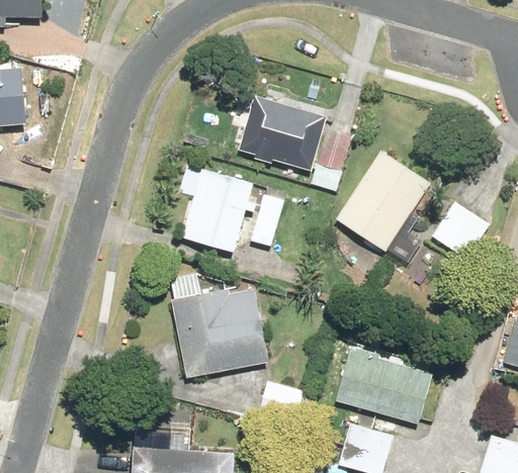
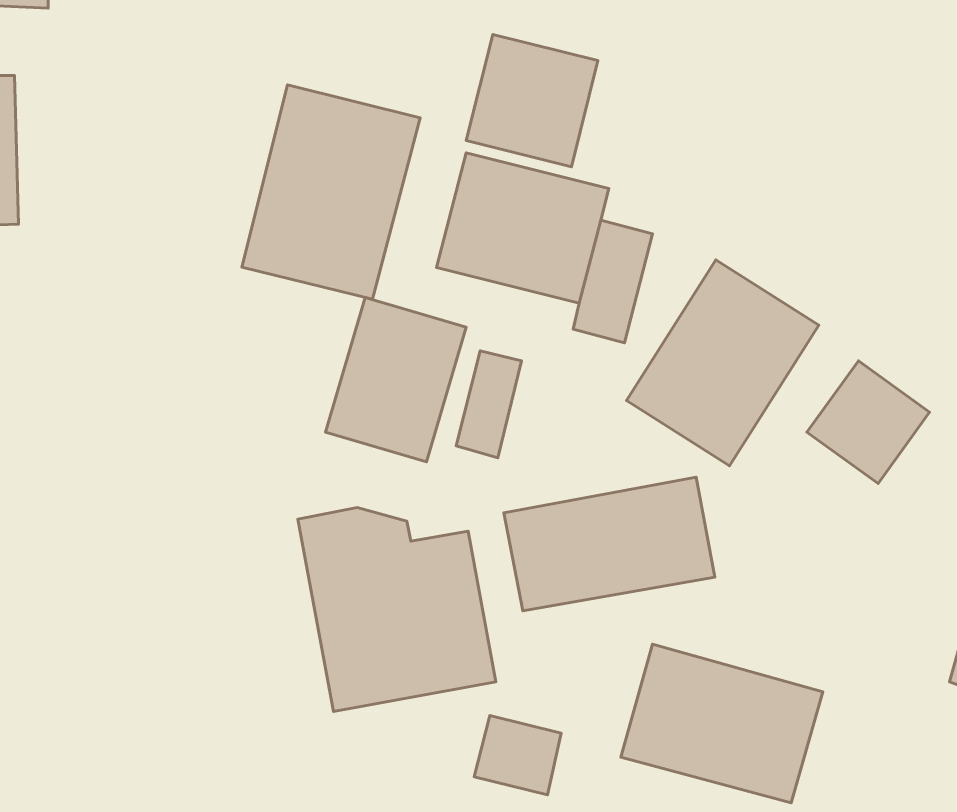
building: none -> [466,34,598,167]
building: none -> [242,85,420,299]
building: none -> [504,477,715,611]

